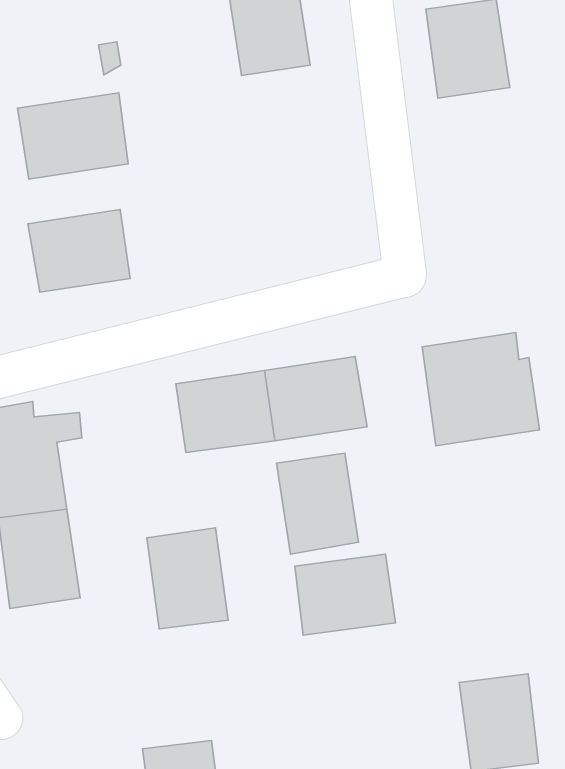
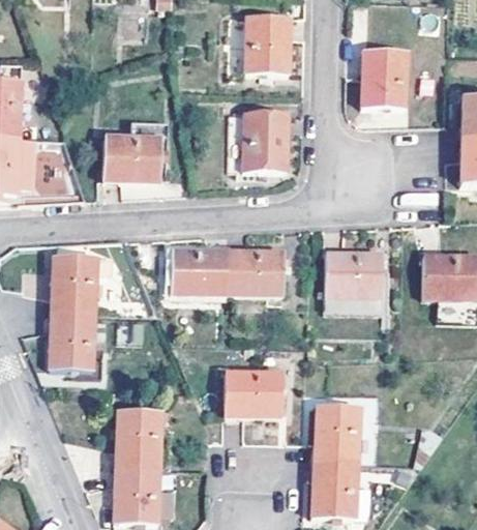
building: [17,93,128,179] -> none
building: none -> [229,112,287,170]
building: [277,453,358,554] -> none
building: [147,528,228,629] -> [116,410,160,468]
building: none -> [314,404,359,461]

